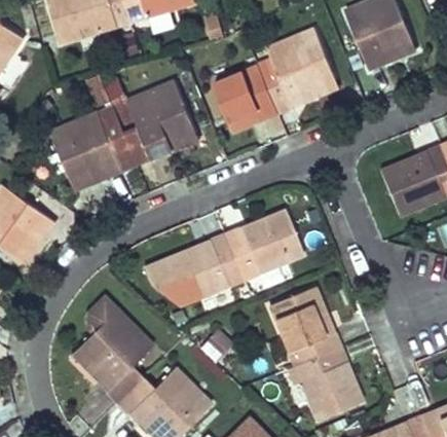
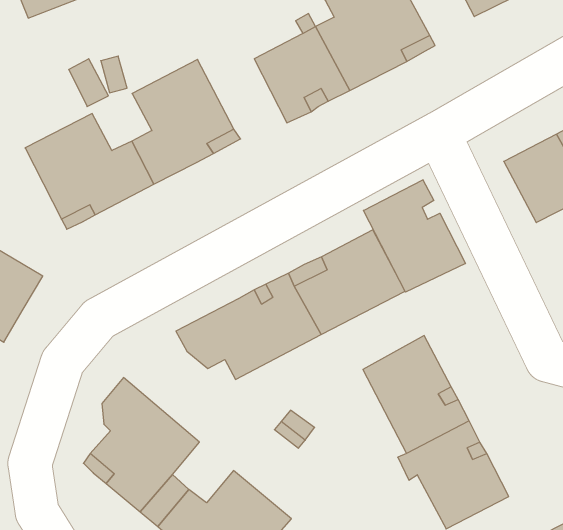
building: none -> [363,180,465,292]

